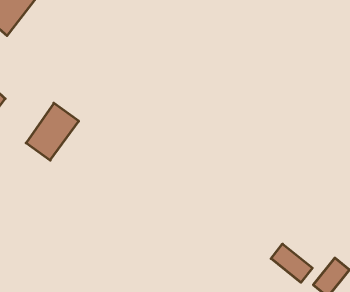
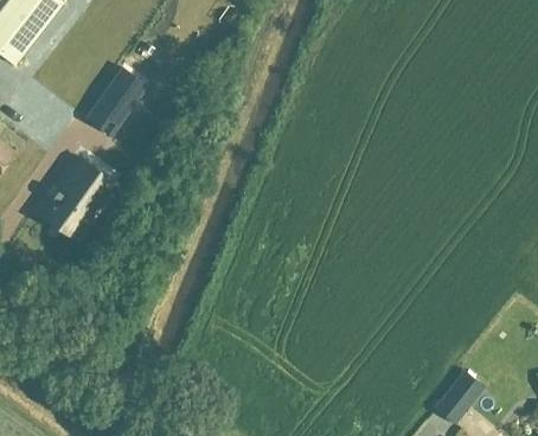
building: none -> [87,68,147,135]
building: [271,244,312,282] -> none

